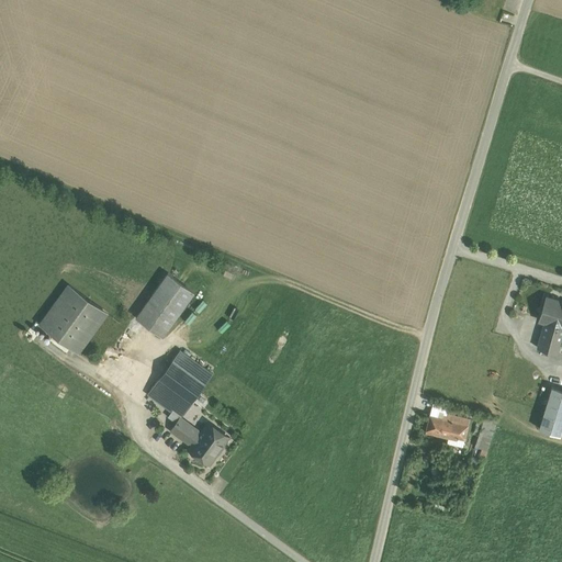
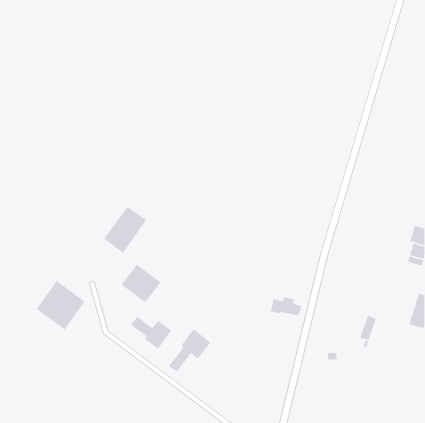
building: [41,286,106,353] -> [36,280,86,331]
building: [148,379,192,425] -> none
building: [426,415,469,441] -> [270,297,302,317]
building: none -> [168,328,211,373]

